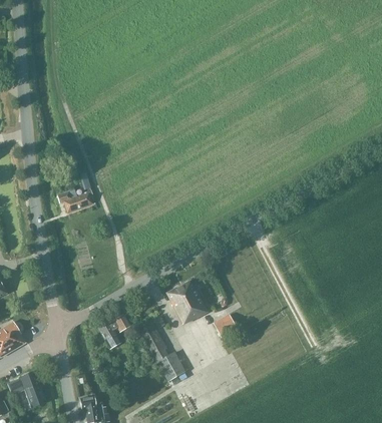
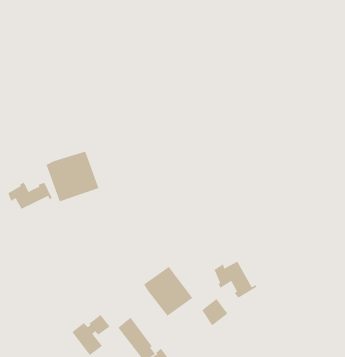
building: none -> [46,151,99,202]
building: none -> [214,261,257,299]

